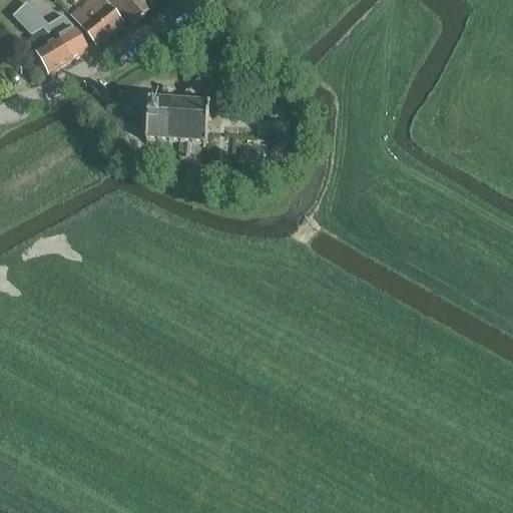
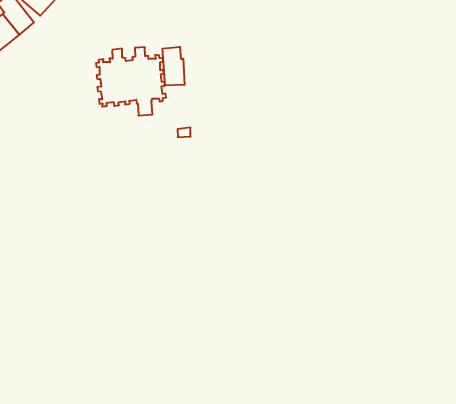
building: none -> [163,47,184,86]

